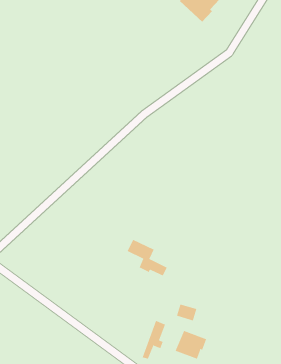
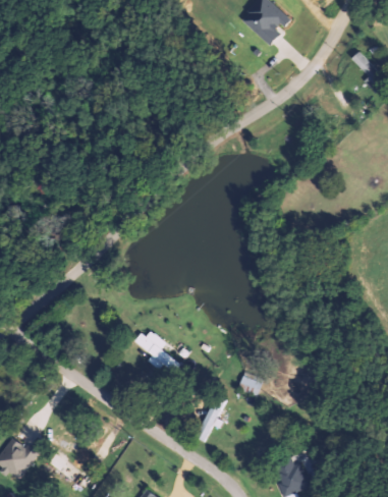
building: [127,239,168,276] -> [134,329,182,373]
building: [175,330,207,359] -> none

